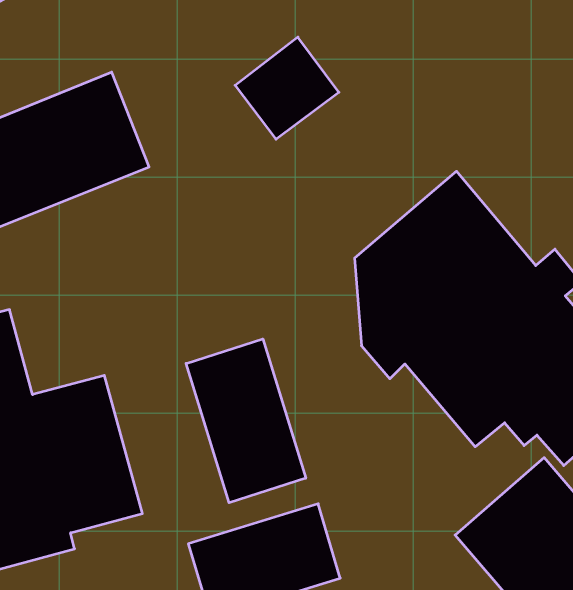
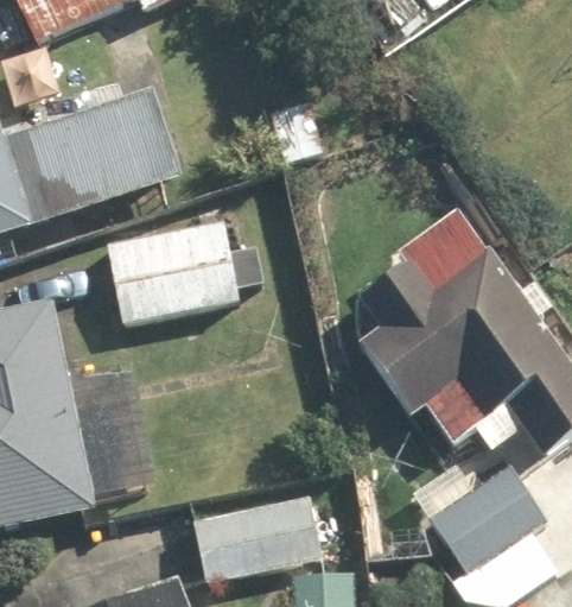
building: none -> [104,223,266,322]
building: [186,339,306,503] -> none

